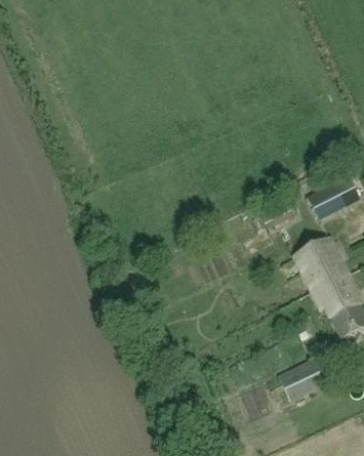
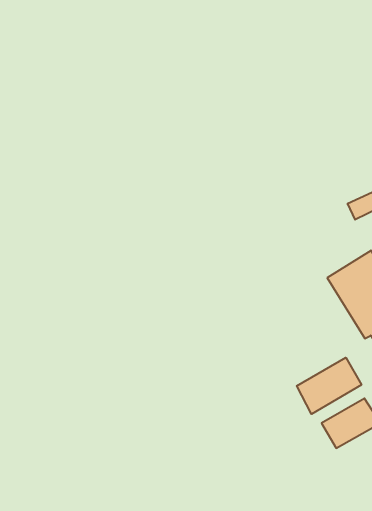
building: none -> [297,358,361,414]

